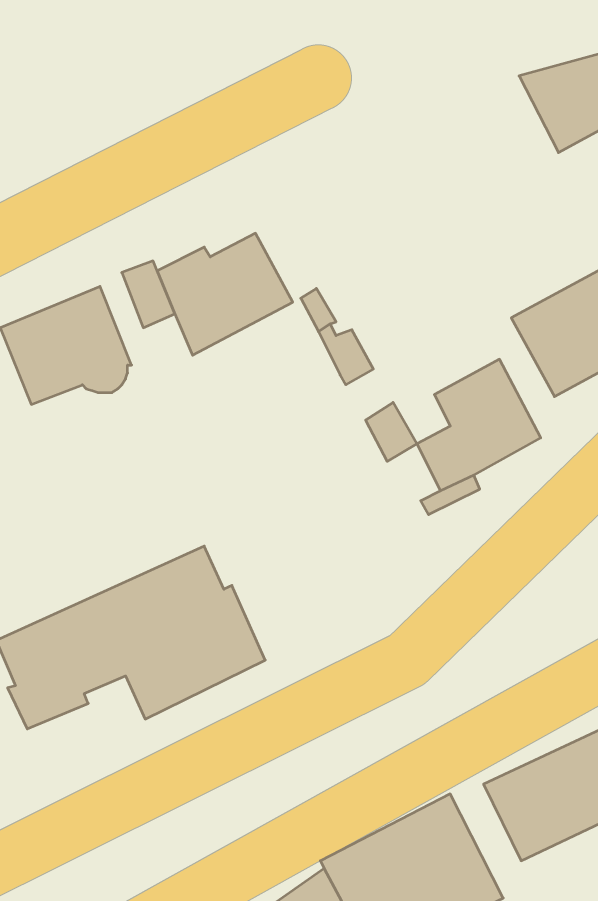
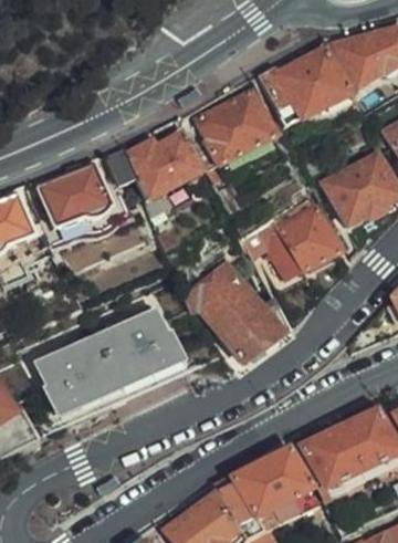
building: none -> [258,49,347,125]
building: none -> [198,88,275,161]
building: none -> [185,259,284,369]

